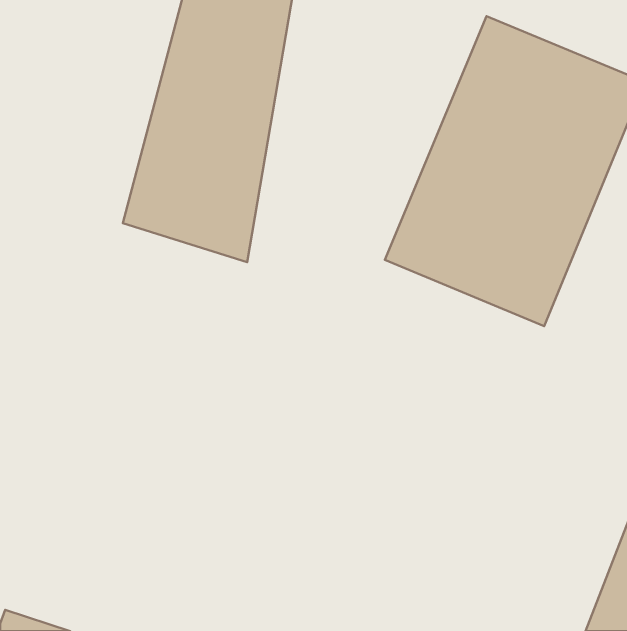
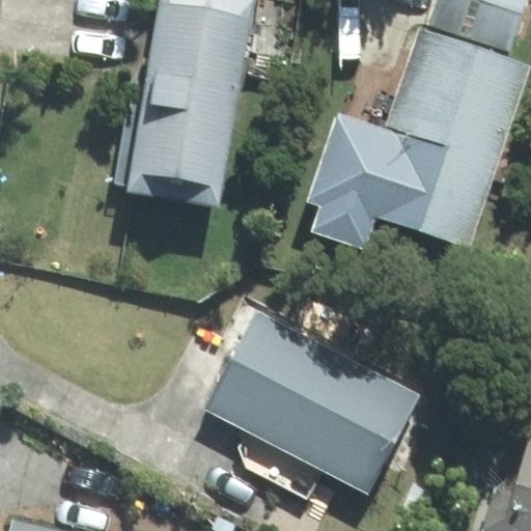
building: none -> [208,313,416,492]

